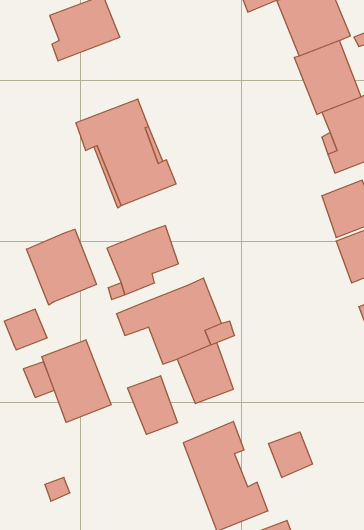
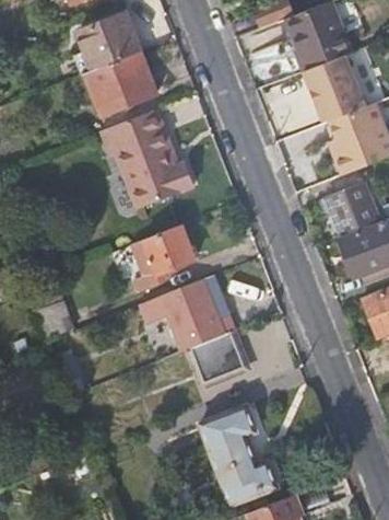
building: none -> [85,51,157,113]
building: [26,229,97,305] -> none
building: [42,340,111,422] -> none
building: [128,376,177,434] -> none
building: [269,432,313,478] -> none

